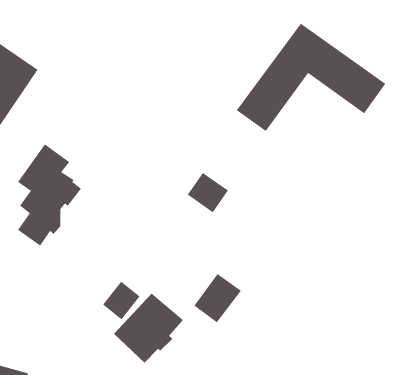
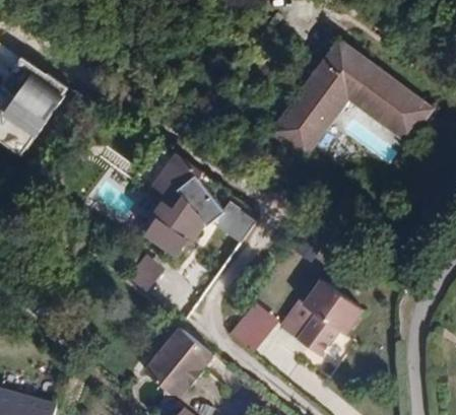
building: [17,144,82,247] -> [153,151,220,258]
building: none -> [280,270,359,347]
building: [102,281,140,320] -> [125,253,165,293]

